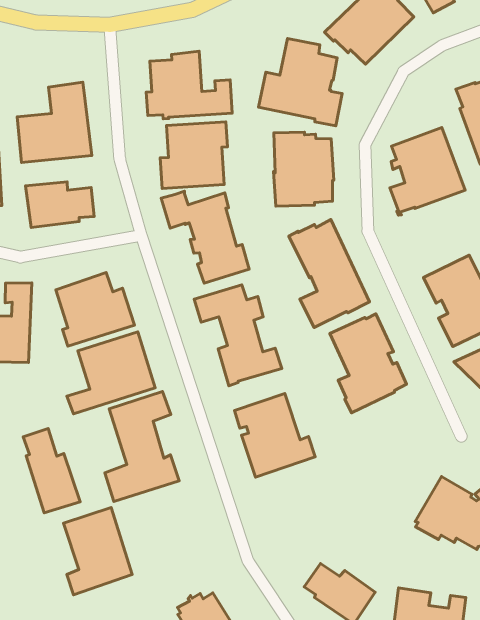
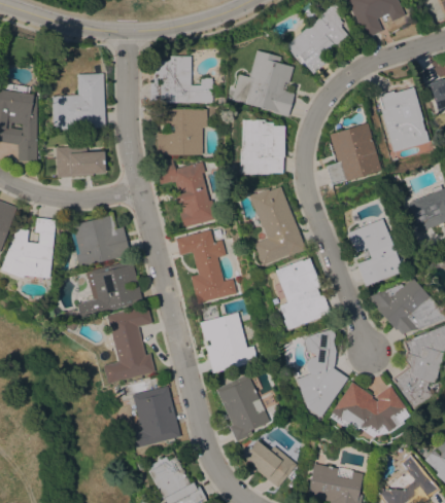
building: none -> [296,328,346,417]
building: [23,429,80,513] -> none
building: none -> [215,373,269,441]
building: [63,508,132,595] -> [132,385,180,447]

